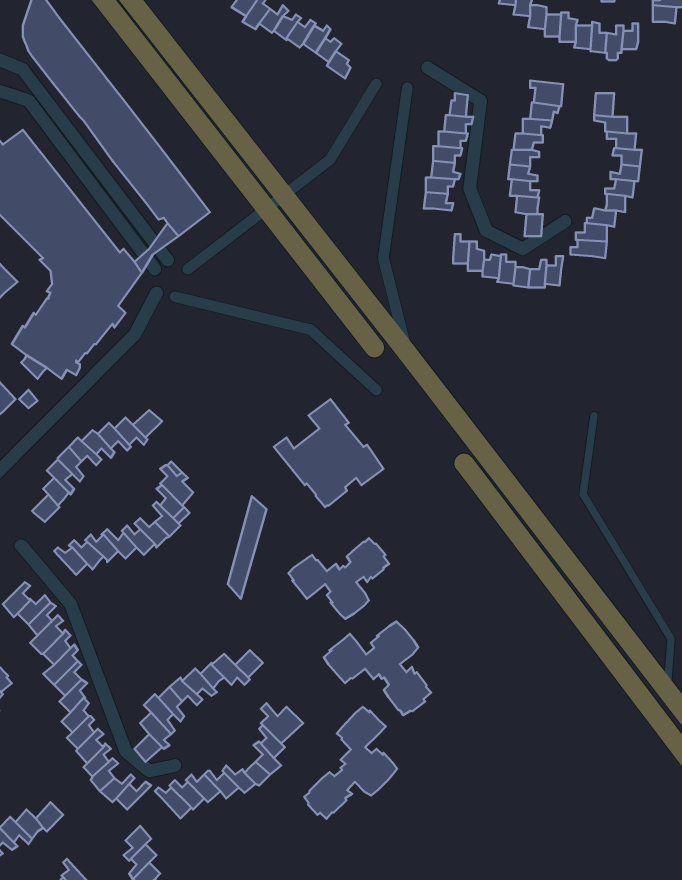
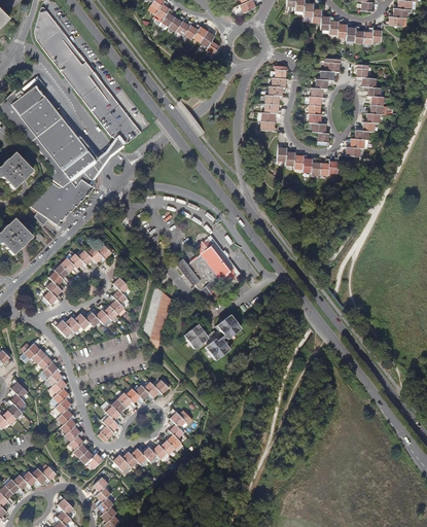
building: [324,622,431,715] -> none
building: [304,707,397,819] -> none

